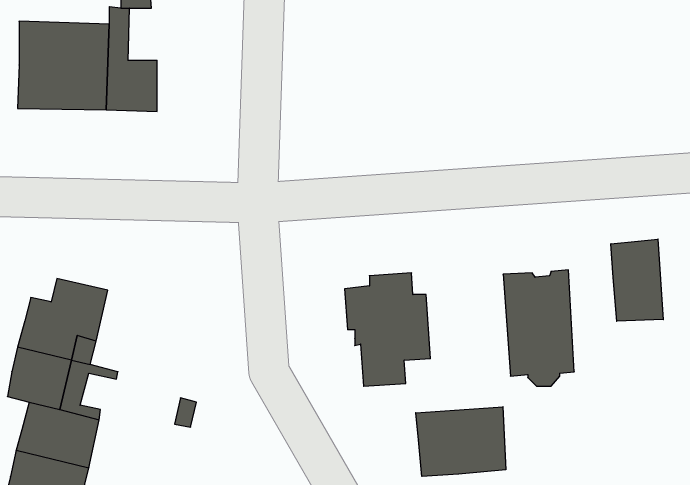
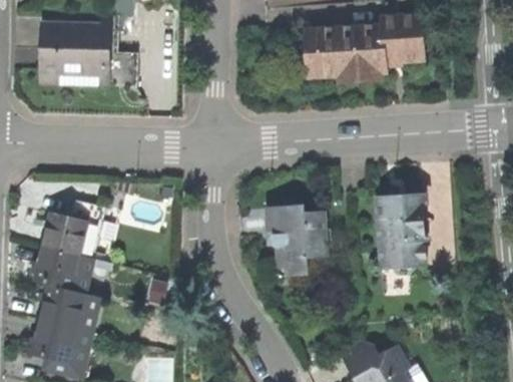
building: none -> [304,14,419,81]
building: [611,239,663,321] -> none
building: [416,407,506,476] -> none

